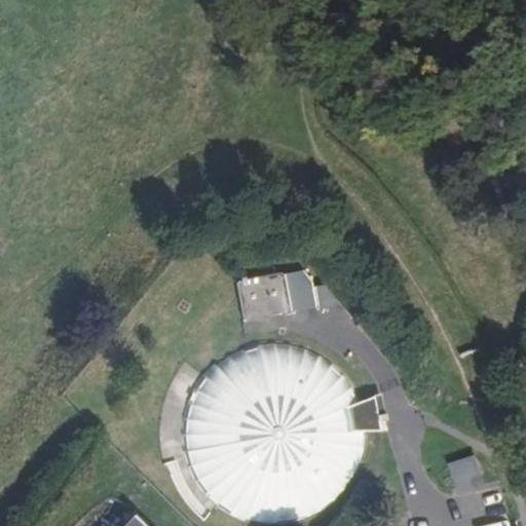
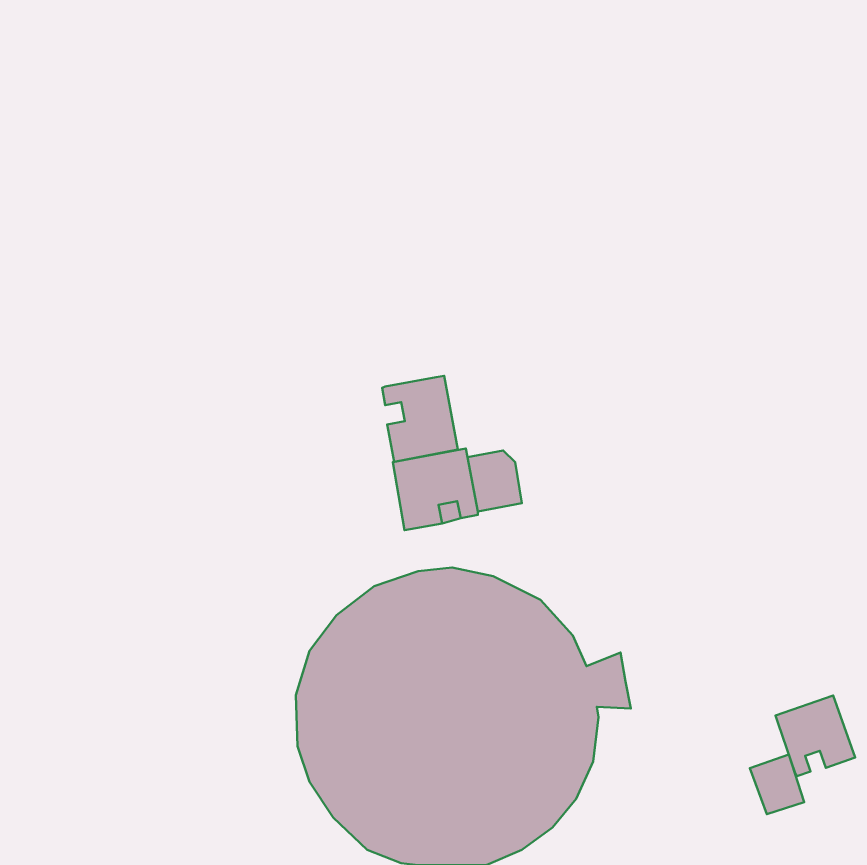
building: none -> [382,376,458,462]
building: none -> [775,696,855,776]

